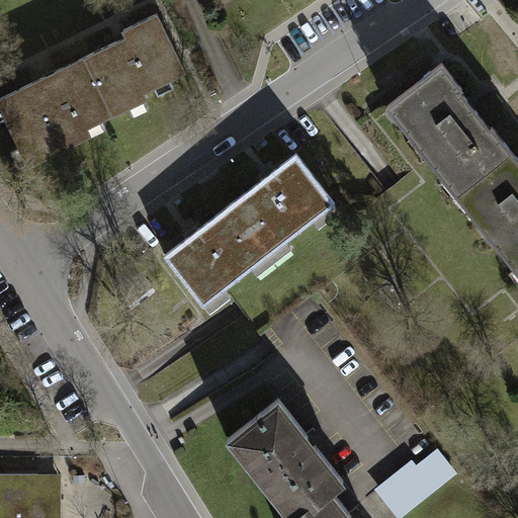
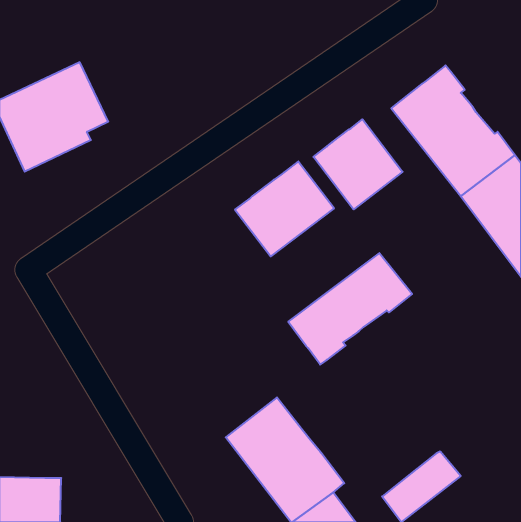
building: [79,17,181,120] -> none
building: none -> [313,119,403,209]
building: [167,207,268,305] -> none
building: none -> [288,253,412,365]

